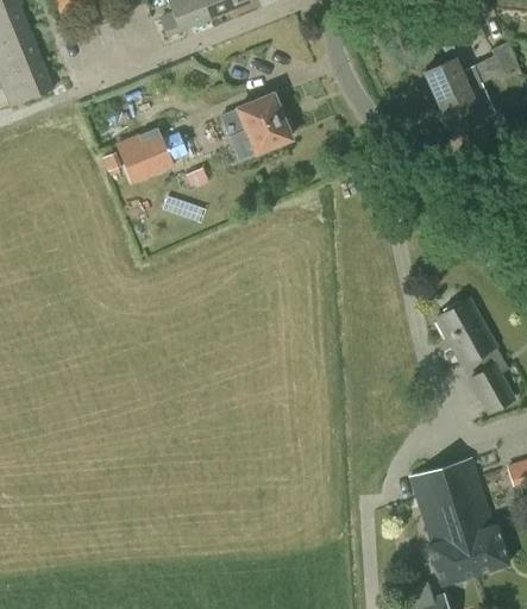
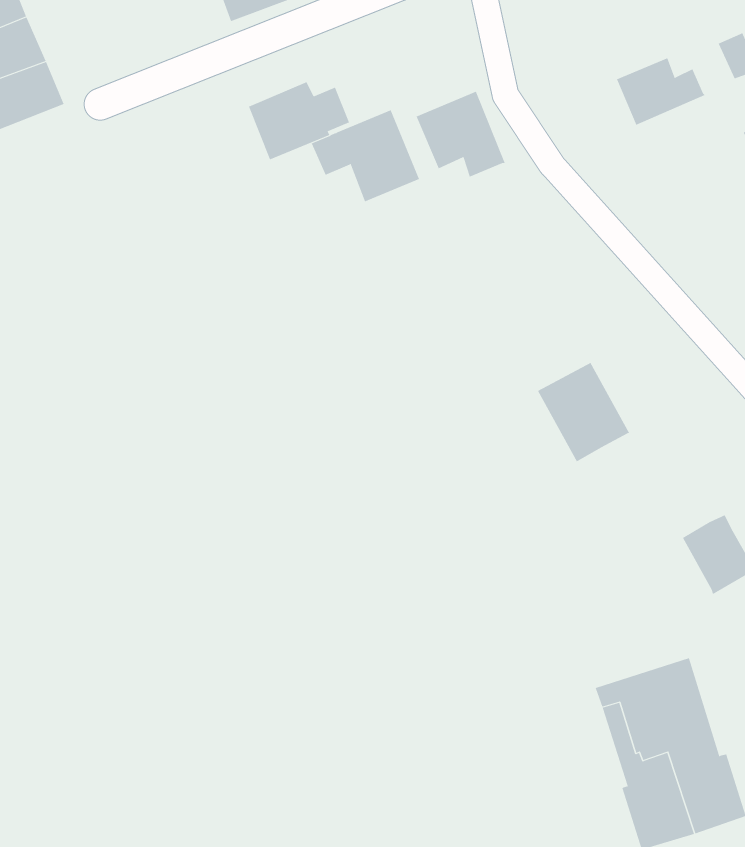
building: none -> [416,91,505,177]
building: [435,83,487,133] -> none
building: [117,128,184,181] -> [248,82,350,160]
building: [434,299,496,365] -> [537,362,630,462]

